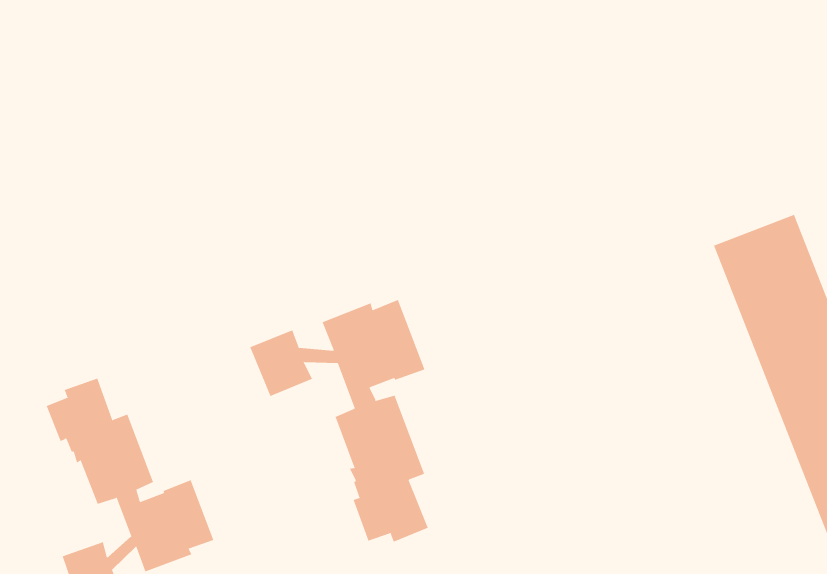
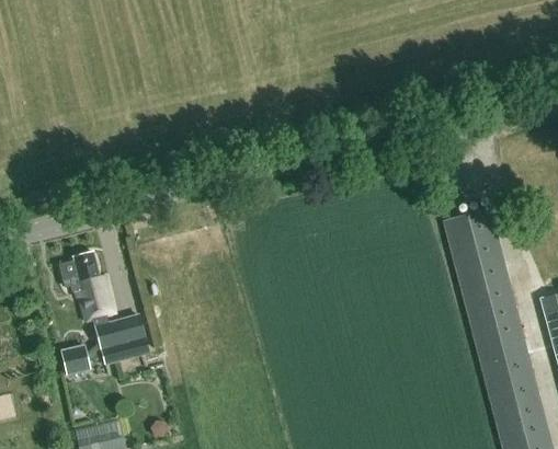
building: [250,299,428,543] -> none

